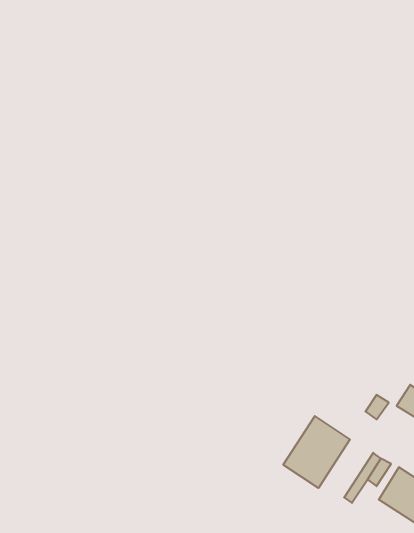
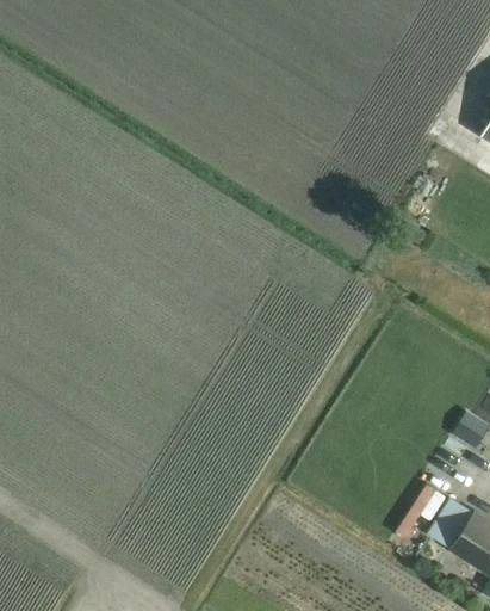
building: [283,416,350,488] -> none

